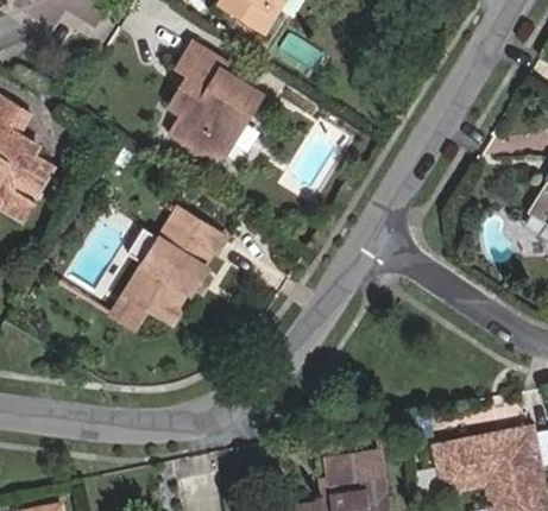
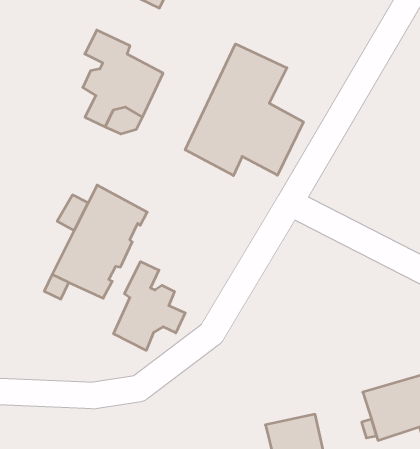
building: none -> [185,44,303,176]
building: none -> [114,262,185,350]

